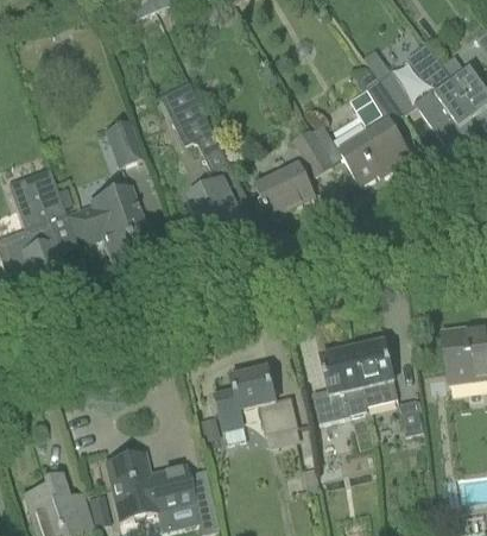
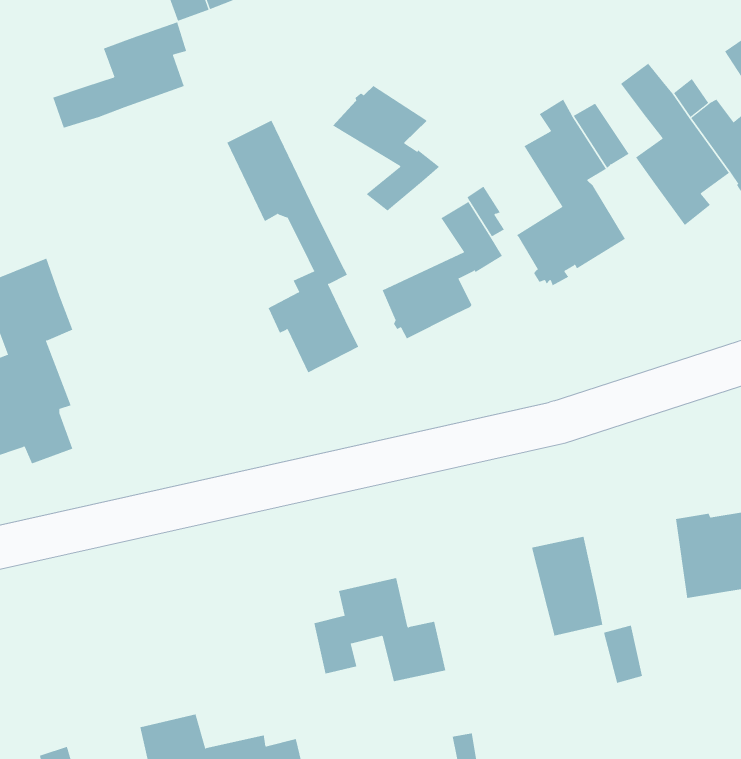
building: none -> [53,21,187,128]
building: none -> [332,85,440,212]
building: [106,120,140,164] -> none
building: [65,187,153,267] -> none
building: [311,348,367,422] -> none

